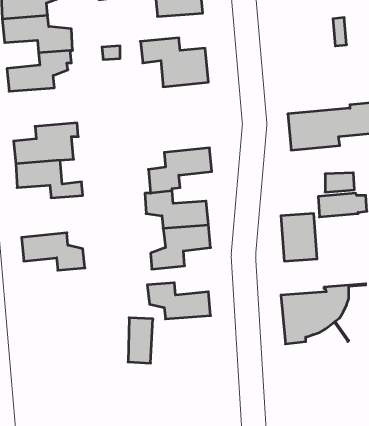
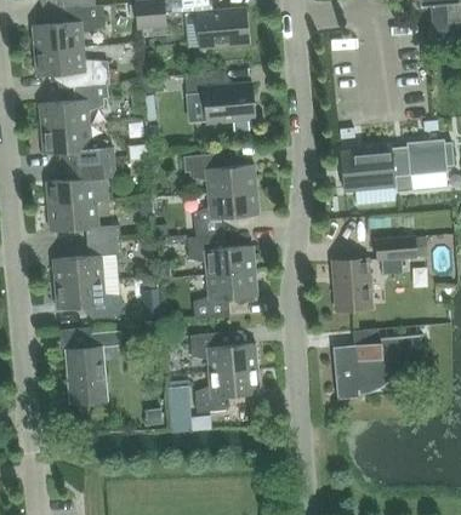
building: none -> [41,125,114,166]
building: none -> [183,154,256,194]
building: none -> [52,240,121,285]
building: none -> [66,331,121,404]
building: none -> [194,368,260,412]

